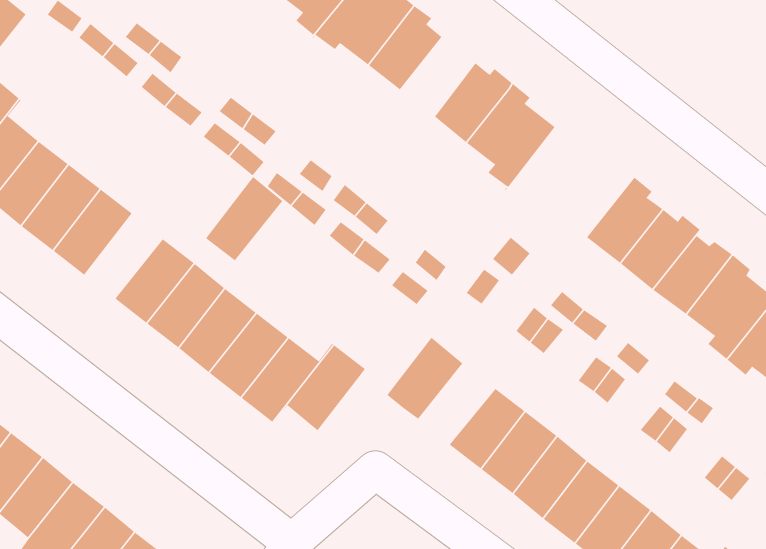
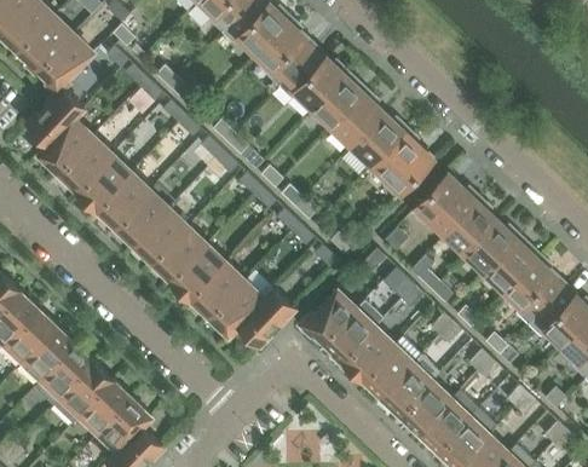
building: none -> [333,91,384,145]
building: none -> [410,173,480,234]
building: [205,176,283,261] -> [115,190,168,244]
building: none -> [324,300,384,361]

